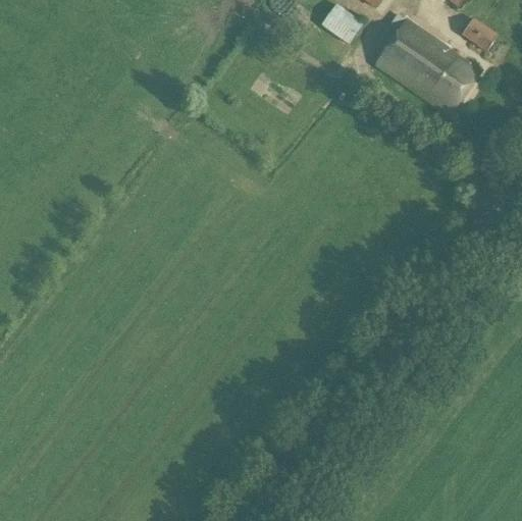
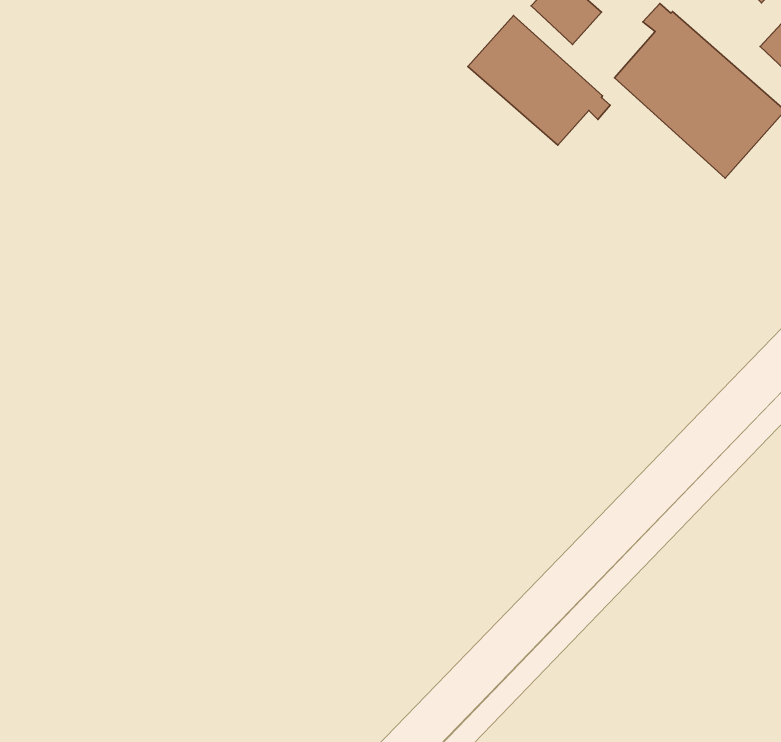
building: none -> [468,16,610,145]

